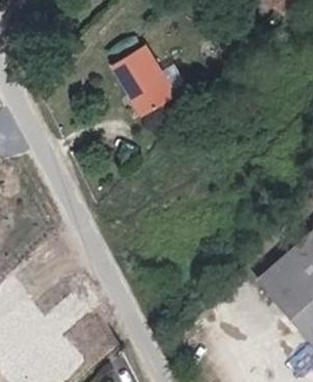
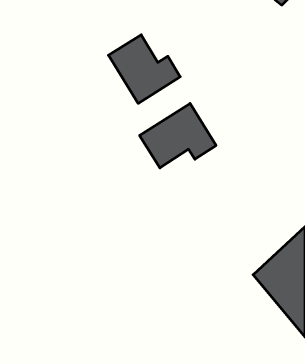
building: none -> [140,103,216,168]

